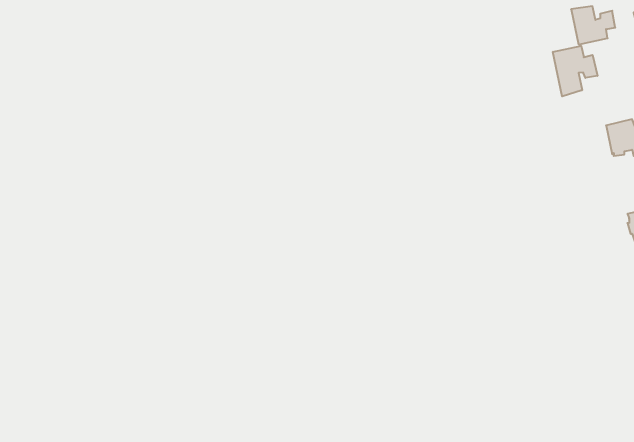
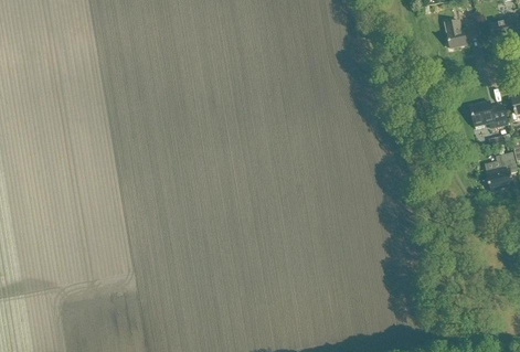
building: [553,46,597,96] -> none

